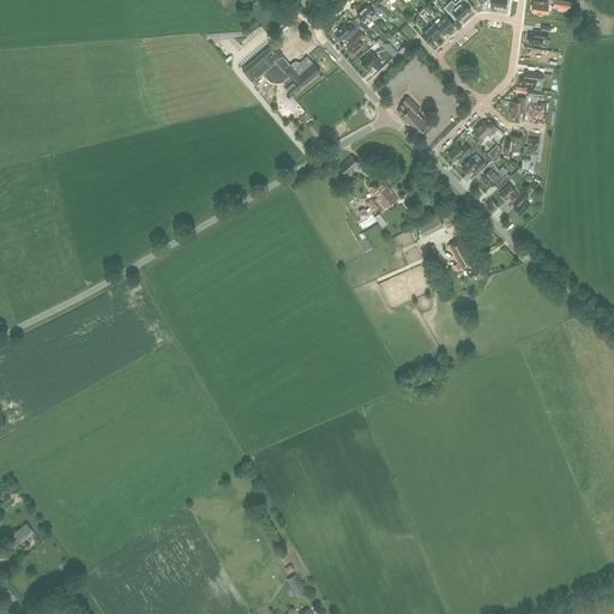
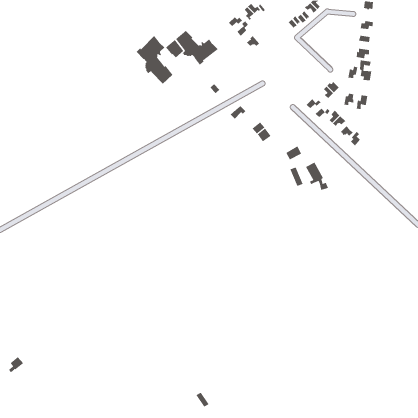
building: none -> [136,35,173,84]
building: [397,97,428,134] -> none

